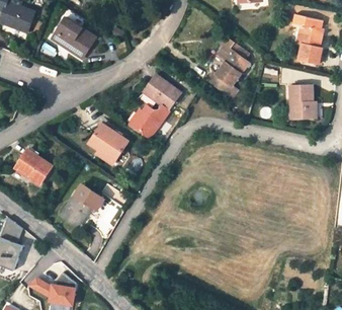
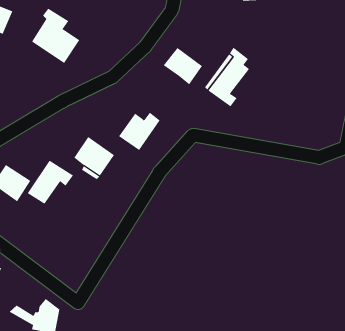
building: [298,24,324,64] -> none
building: [144,76,180,110] -> [163,47,203,85]
building: [291,86,315,120] -> none
building: [61,185,103,226] -> [27,160,74,204]

